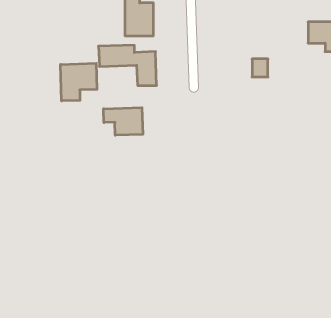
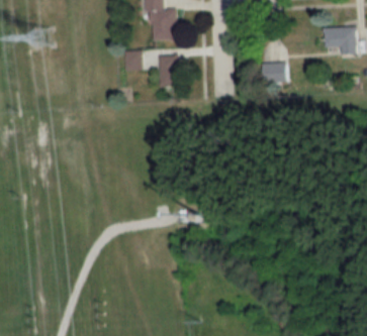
building: [61,63,97,101] -> none
building: [104,108,143,135] -> none

